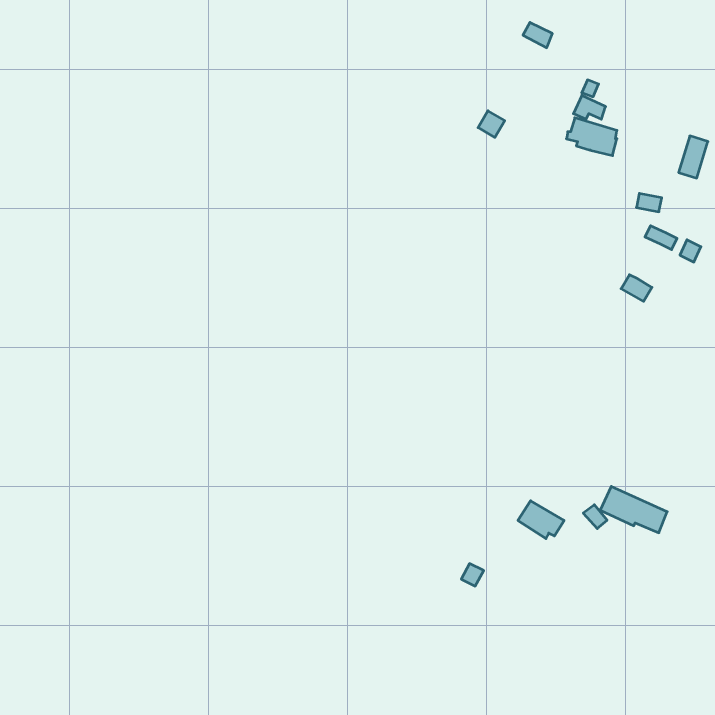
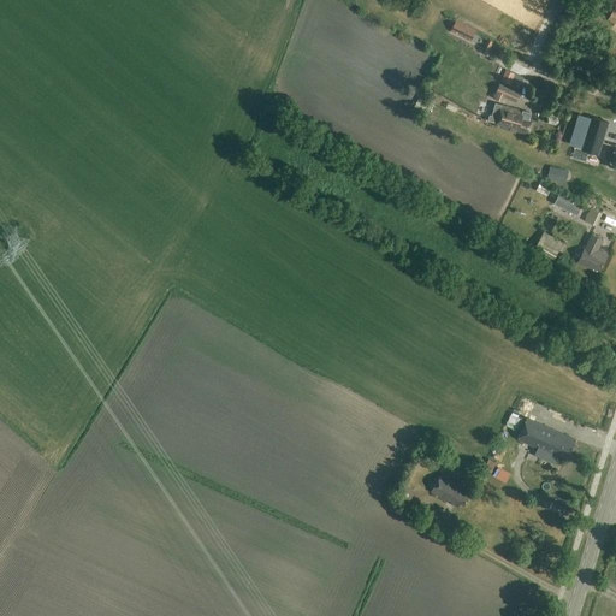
building: none -> [579,233,608,272]
building: [518,501,564,539] -> [431,474,470,507]

